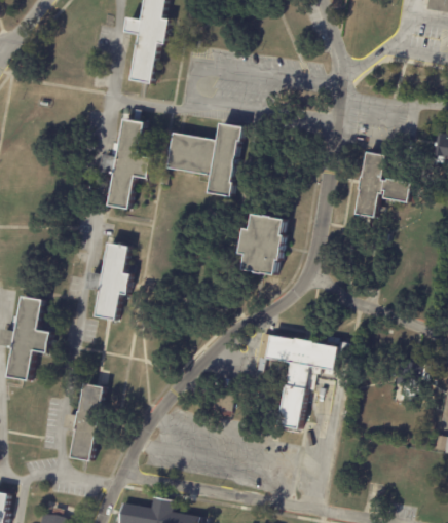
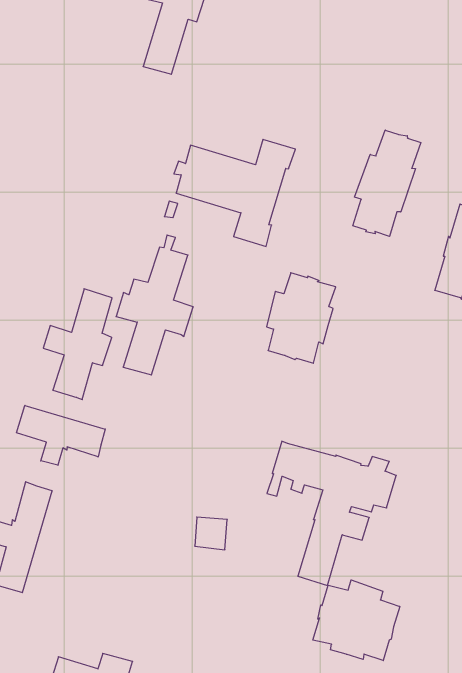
building: none -> [353,130,421,236]
building: [99,110,152,210] -> [116,235,193,375]
building: none -> [17,405,105,465]
building: none -> [313,580,400,661]

